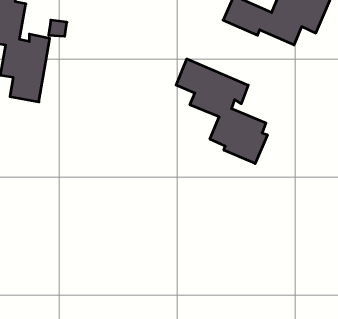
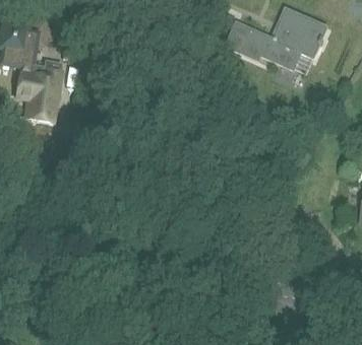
building: [176,59,267,164] -> none

